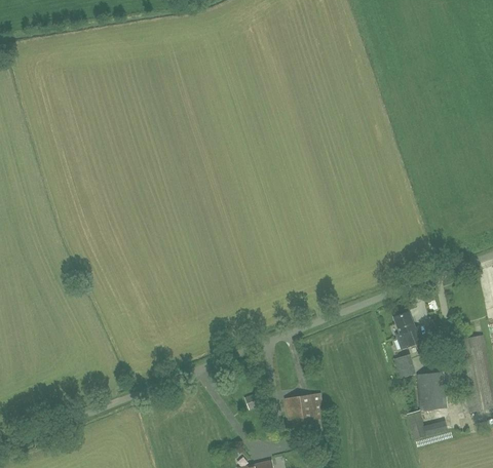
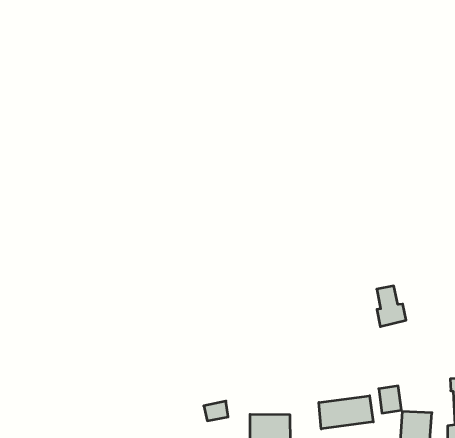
building: [393,312,423,349] -> [377,286,406,327]
building: none -> [319,396,373,429]

